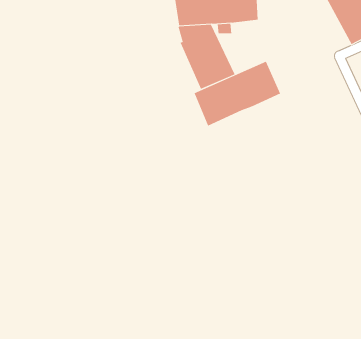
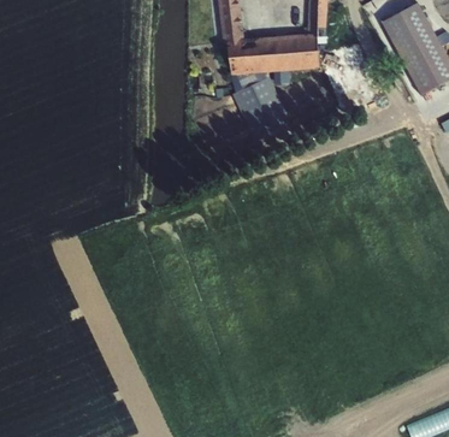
building: [194,61,281,126] -> none

